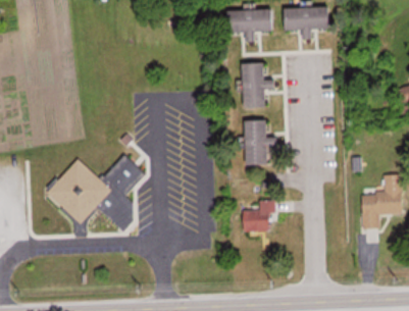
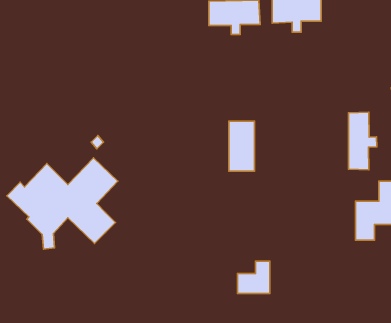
building: [243,62,275,107] -> none
building: none -> [349,112,377,170]
building: [243,201,272,230] -> [238,261,270,293]

